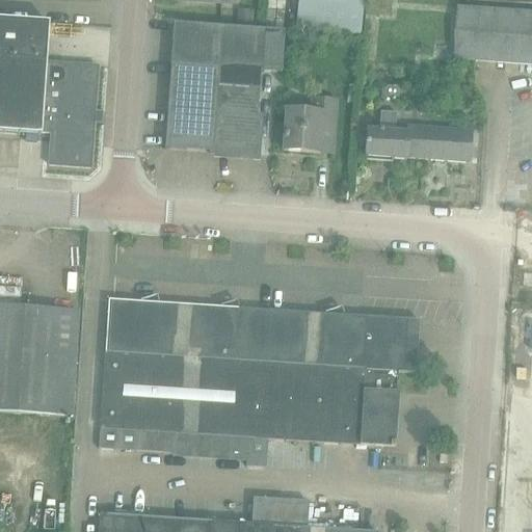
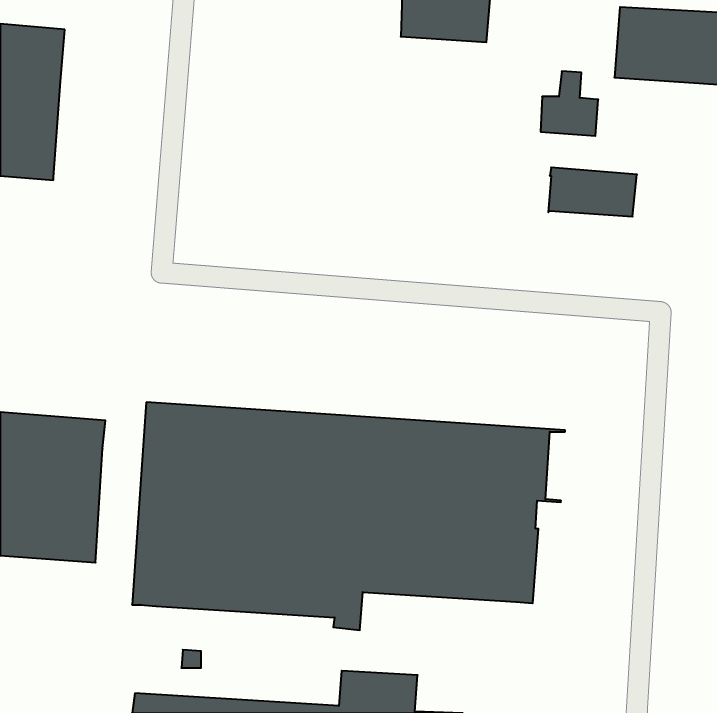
building: [165,21,285,153] -> none
building: [41,60,98,165] -> none
building: [284,97,336,151] -> none
building: [366,109,408,157] -> [541,71,598,136]

